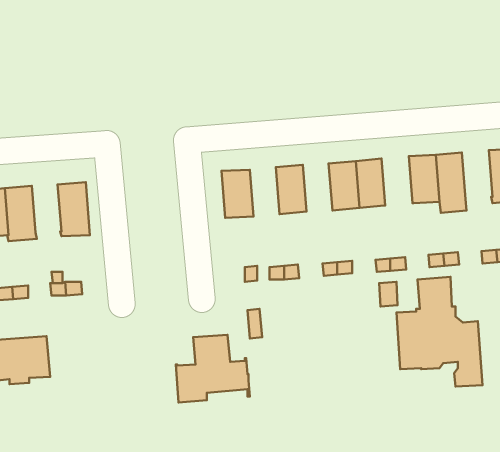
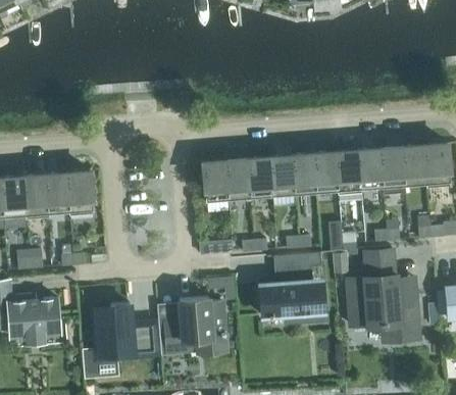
building: none -> [401,144,426,185]
building: none -> [335,149,361,195]
building: none -> [269,155,294,195]
building: none -> [225,158,250,199]
building: none -> [45,172,69,212]
building: none -> [258,251,324,322]
building: none -> [91,303,157,361]

